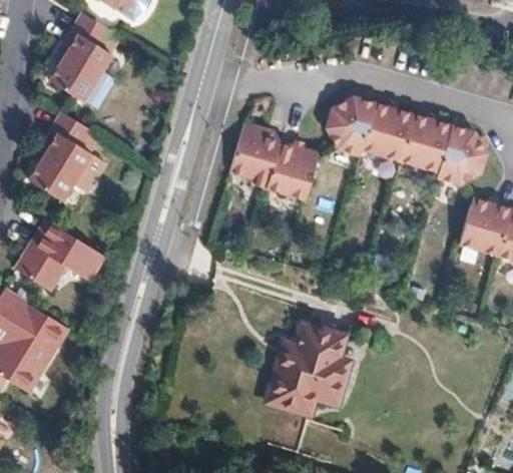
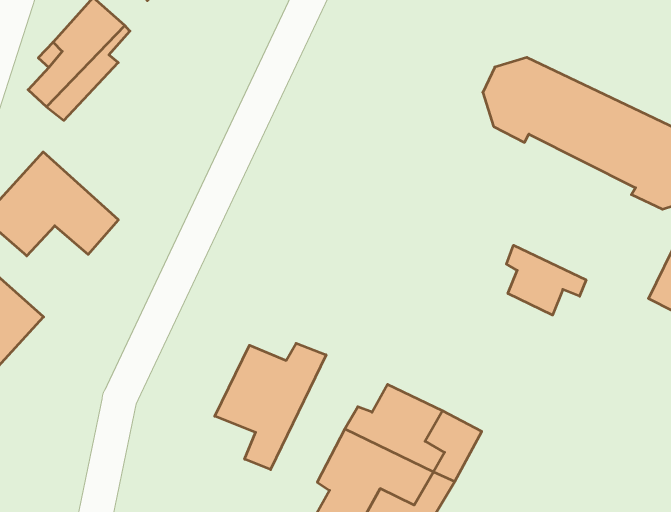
building: [233,124,320,199] -> none
building: [56,149,101,197] -> none
building: none -> [506,245,586,315]
building: none -> [215,343,326,470]

